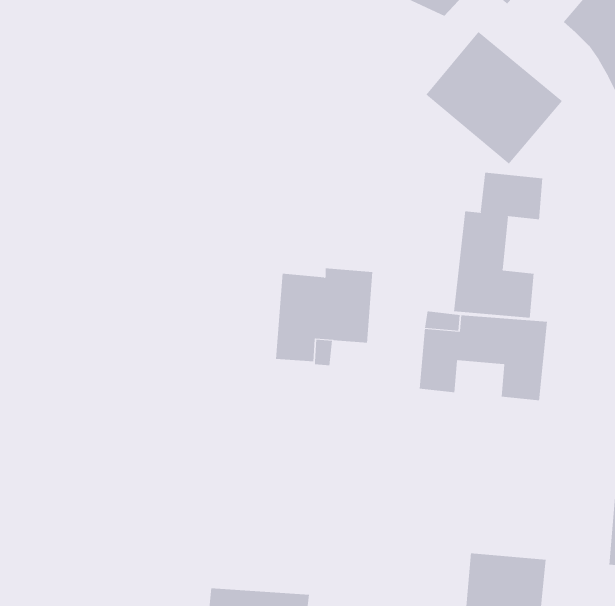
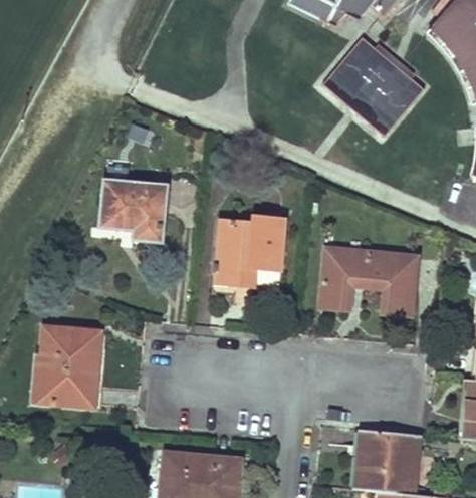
building: [454,172,543,318] -> none
building: none -> [100,179,165,240]
building: none -> [35,326,100,405]

